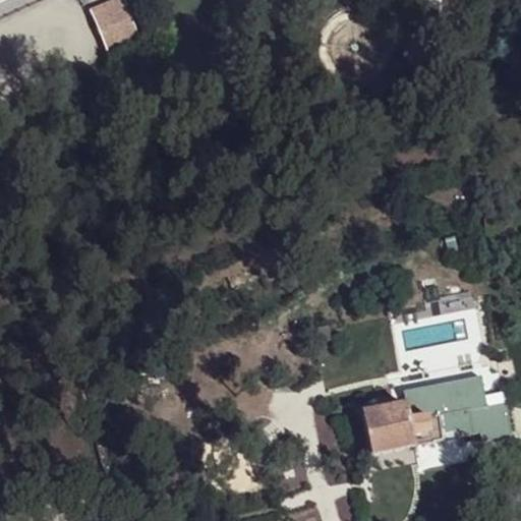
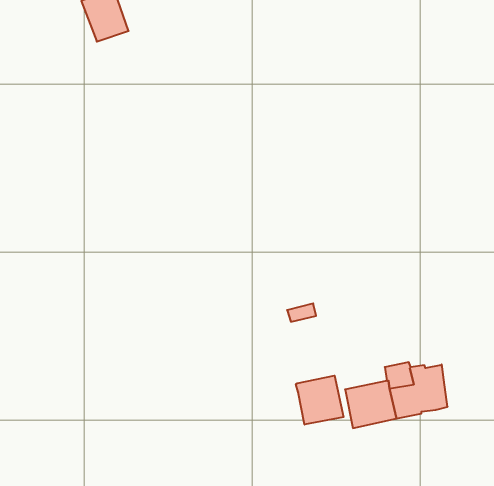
building: [465,381,509,428] -> none
building: none -> [296,376,344,425]

